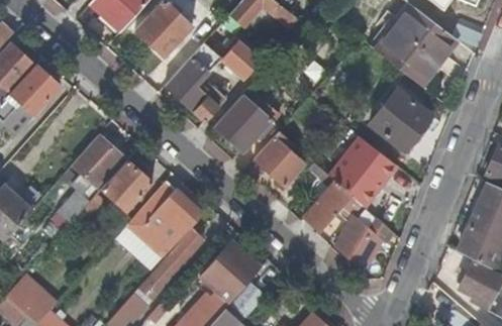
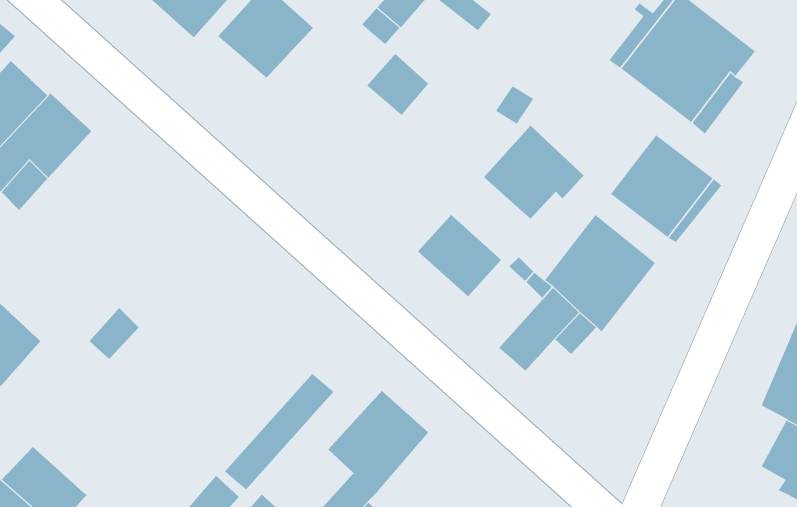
building: [166,42,226,121] -> none
building: [214,94,275,150] -> [483,125,585,220]
building: [72,135,122,195] -> none
building: [101,160,152,212] -> none
building: [129,182,201,255] -> none
building: [335,217,388,270] -> none

